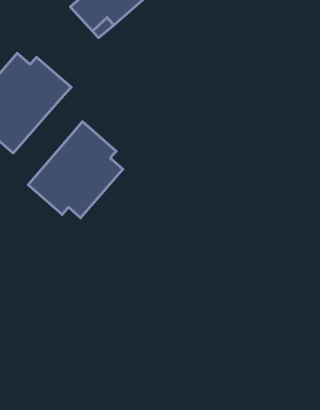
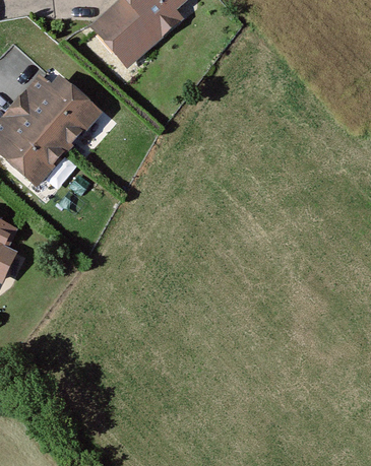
building: [28,122,123,218] -> none

